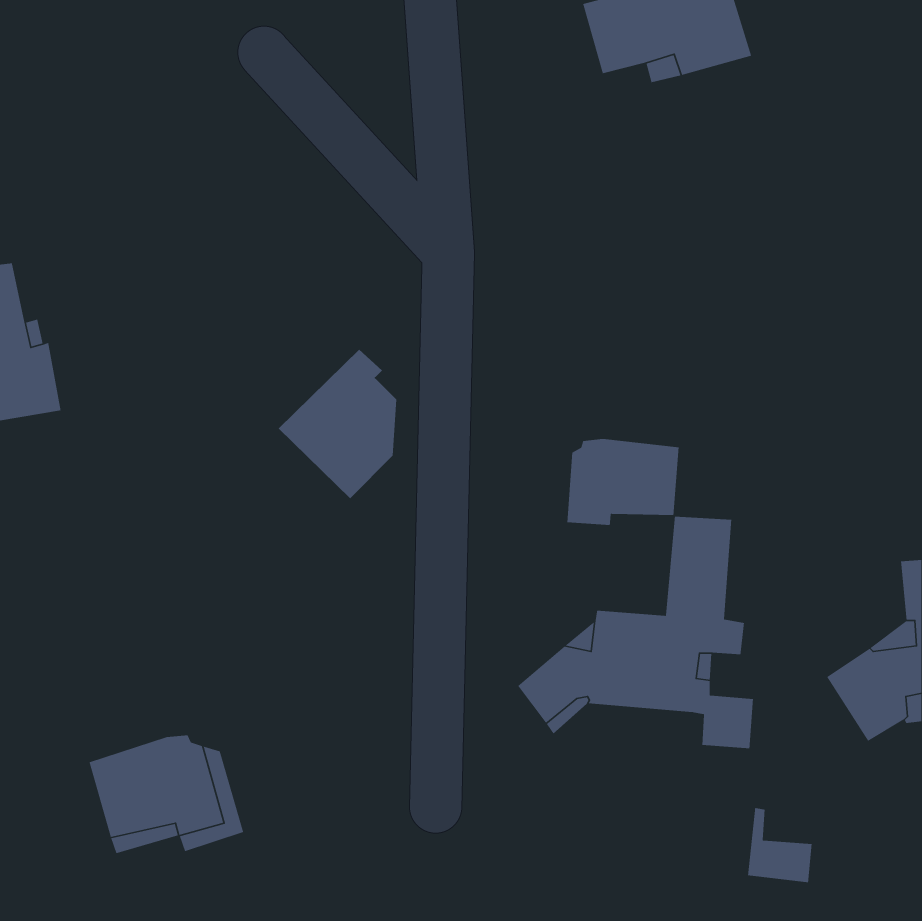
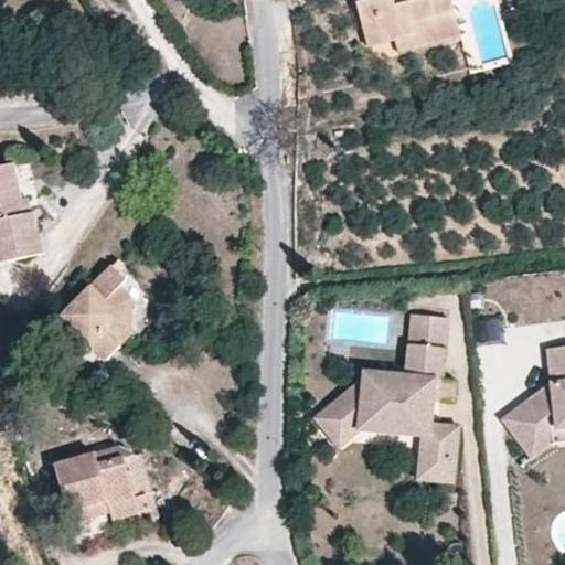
building: [278,349,397,499] -> [60,267,132,359]
building: [566,438,680,526] -> none
building: [747,807,812,883] -> [418,435,458,481]

